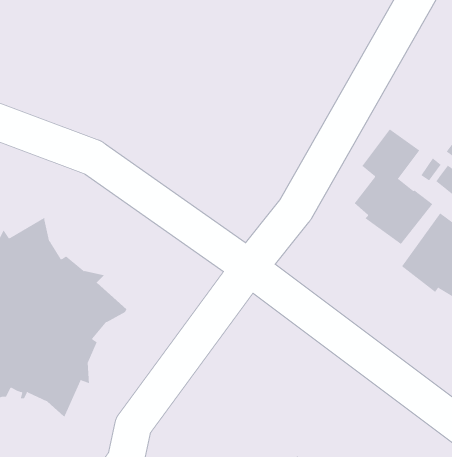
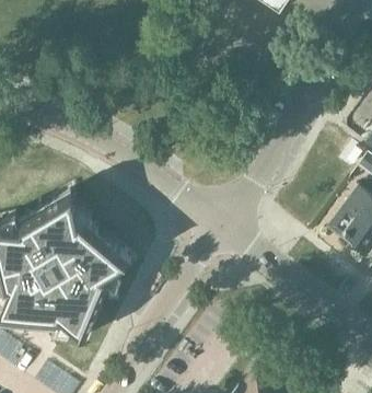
building: [354,129,433,245] -> none

